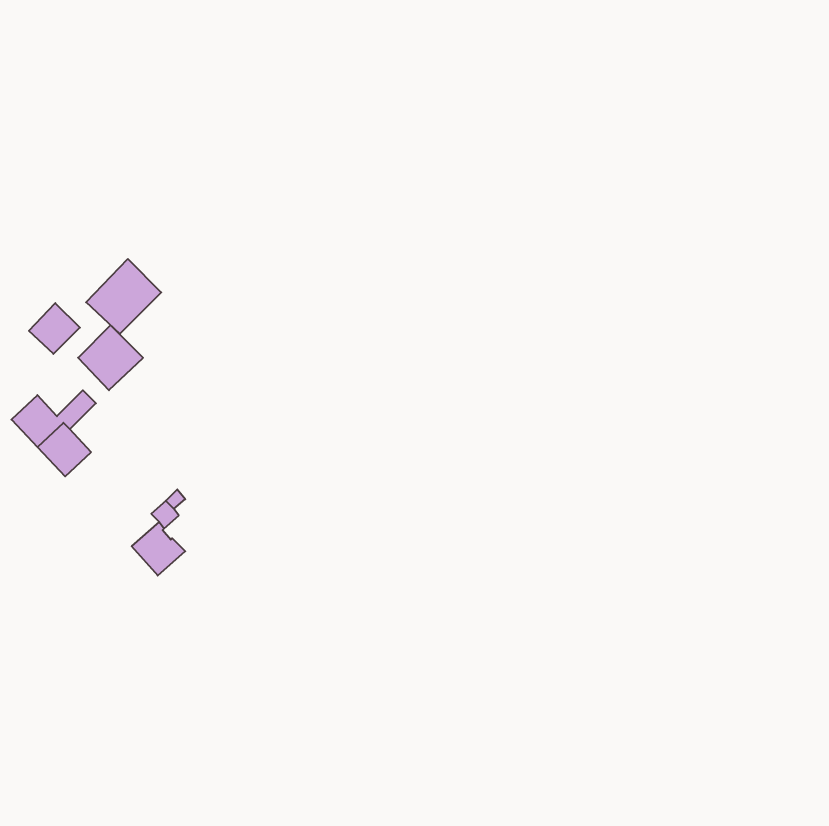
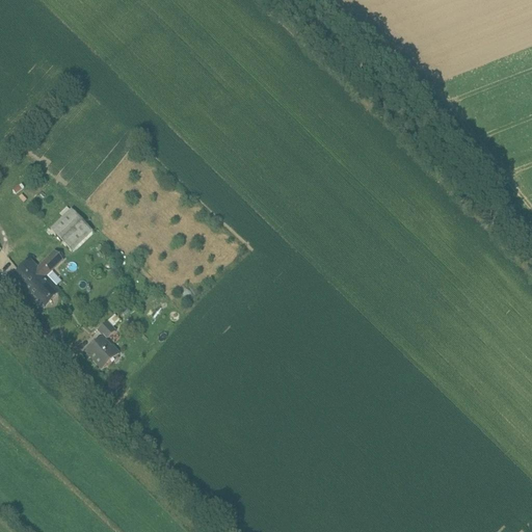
building: [86,259,161,334] -> none
building: [29,303,80,354] -> none

